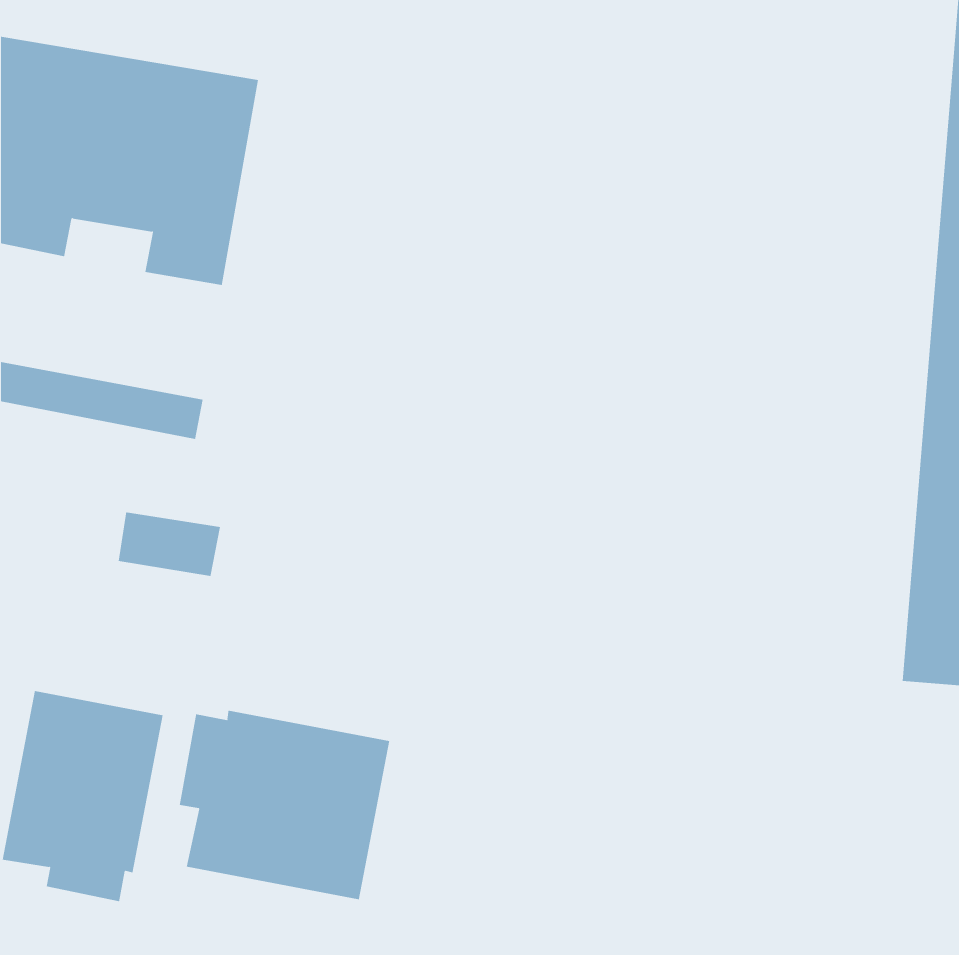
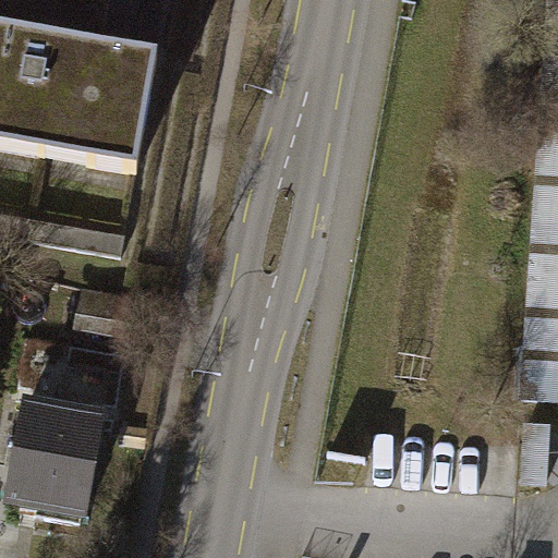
building: [179,710,390,900] -> none

